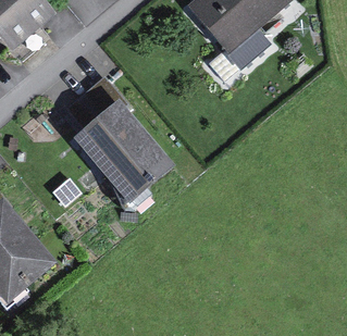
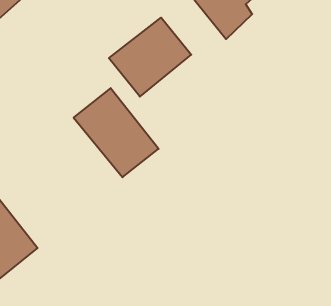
building: none -> [109,18,191,97]

